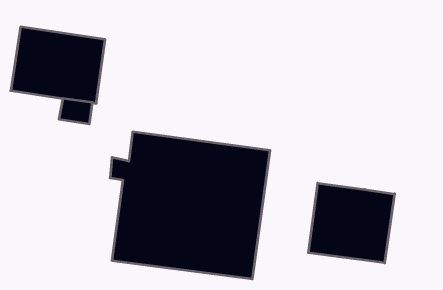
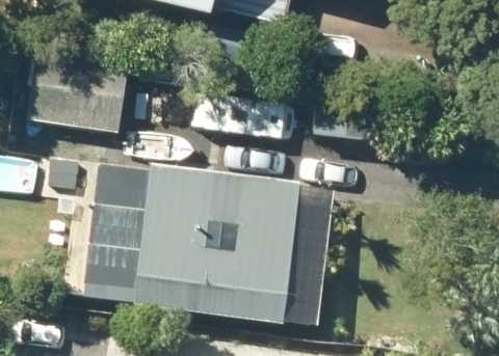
building: [308,183,395,263] -> none

